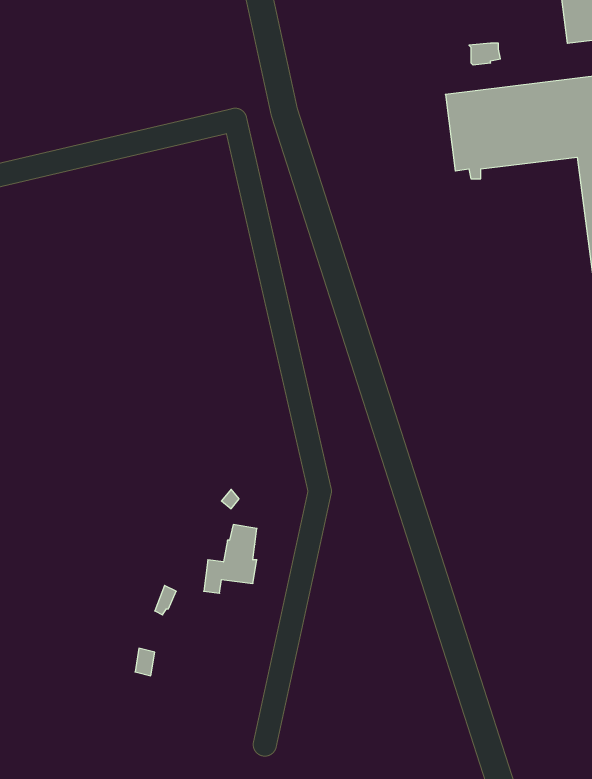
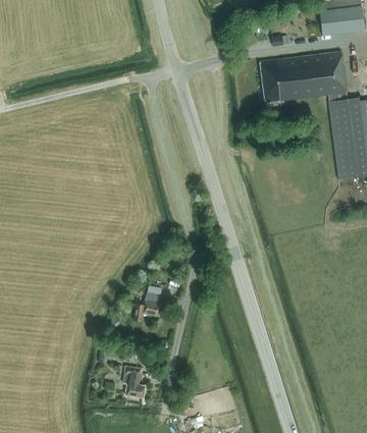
building: none -> [123,365,146,397]

